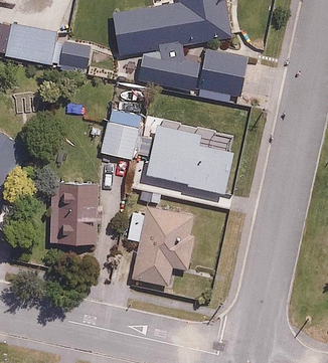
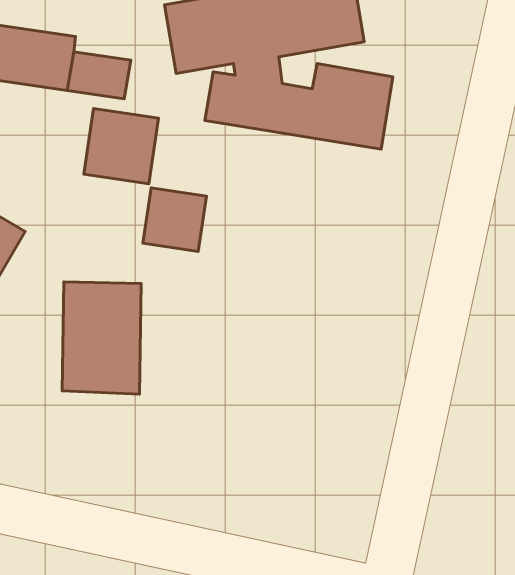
building: none -> [84,109,158,184]
building: [144,121,235,193] -> none
building: [123,207,194,286] -> none

